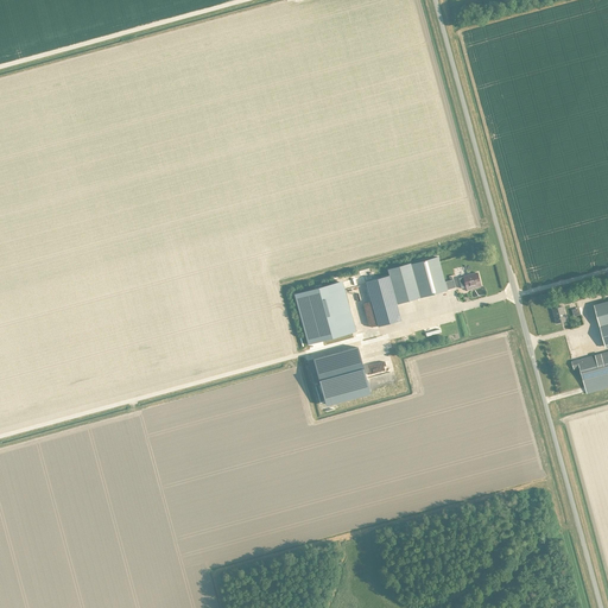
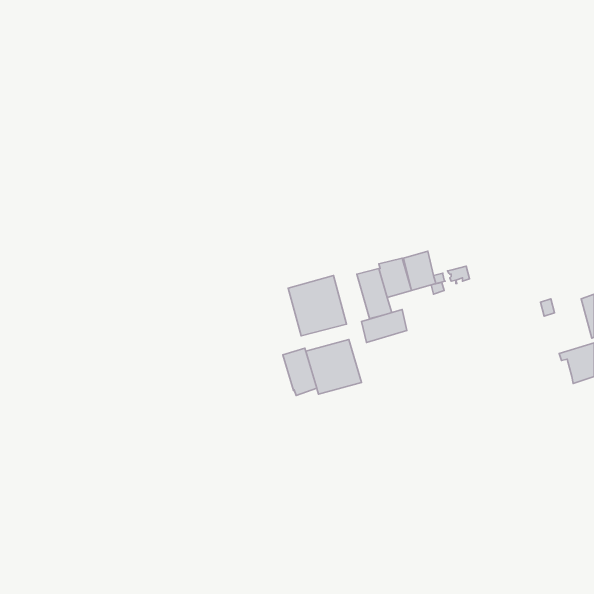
building: none -> [361,310,407,342]
building: none -> [283,348,317,395]

